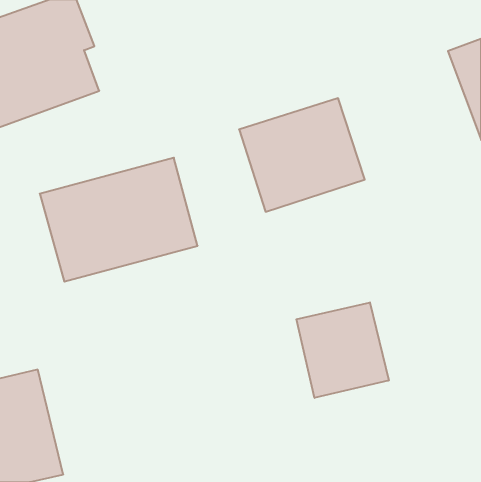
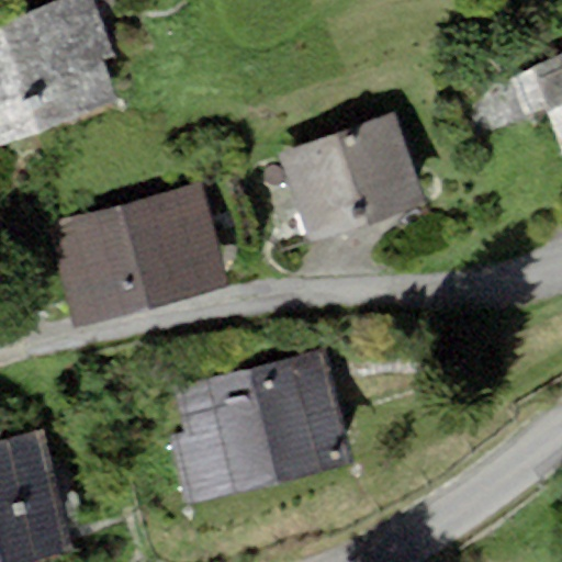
building: none -> [172,348,355,502]
building: [296,302,389,398] -> none

